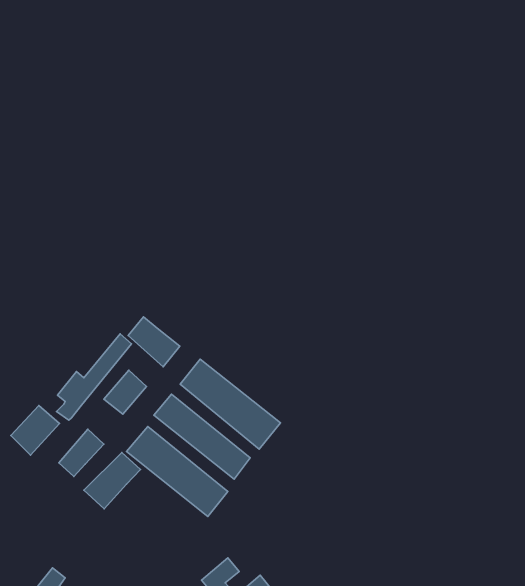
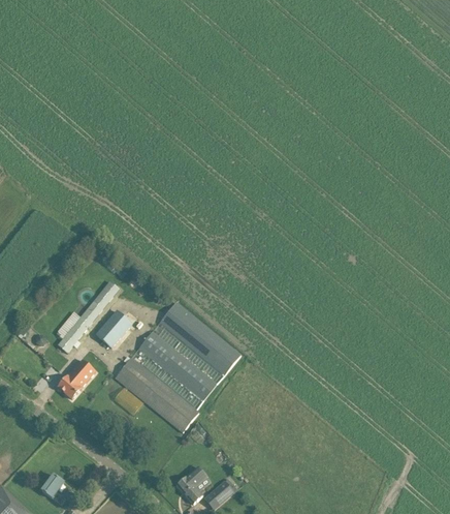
building: [128,317,180,367] -> none
building: [11,406,60,455] -> none
building: [84,452,140,509] -> none

